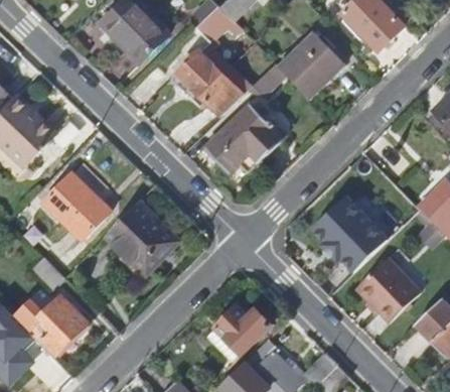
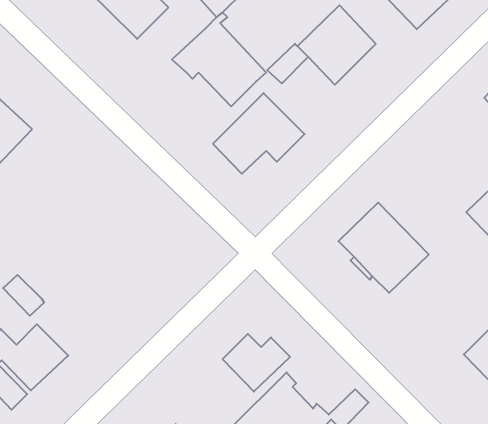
building: [41,173,110,242] -> none
building: [104,202,178,272] -> none
building: [355,257,420,322] -> none

